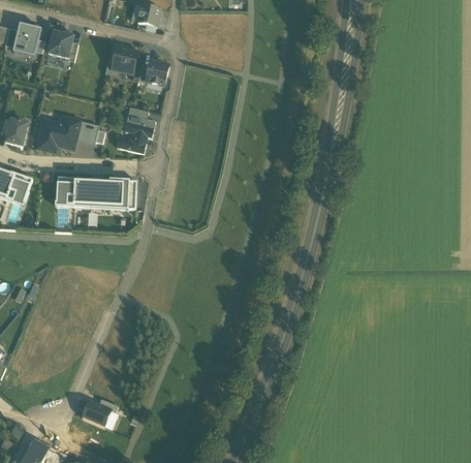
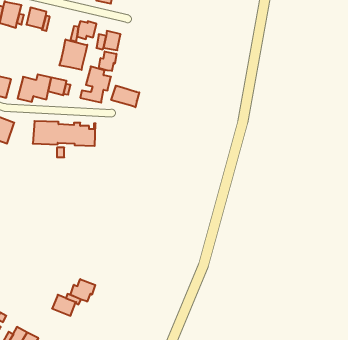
building: none -> [59,39,87,70]
building: none -> [99,51,116,71]
building: none -> [111,86,139,107]
building: none -> [71,279,95,302]

